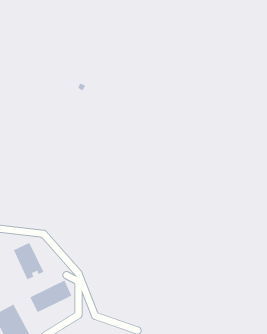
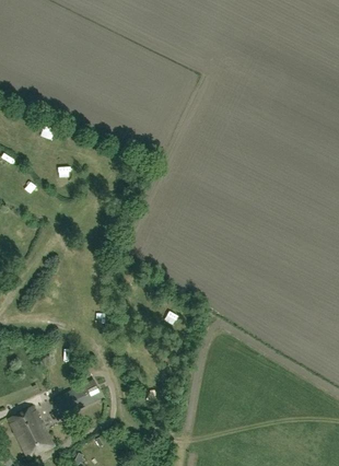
building: [13,242,44,280] -> none

